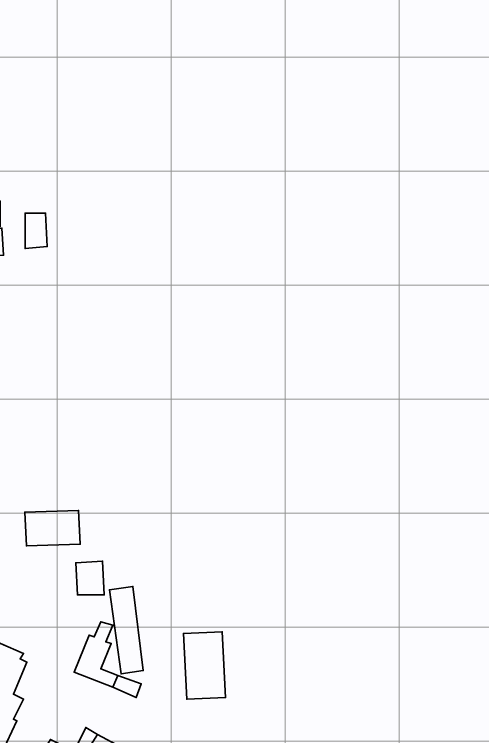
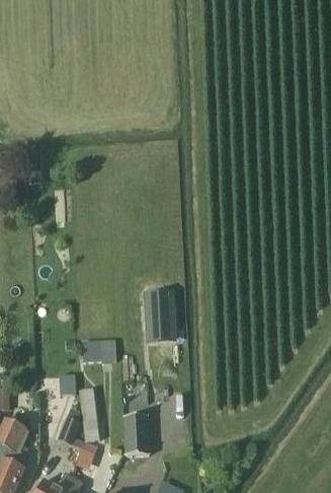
building: none -> [144,292,175,340]
building: [25,510,80,546] -> [82,339,115,360]

